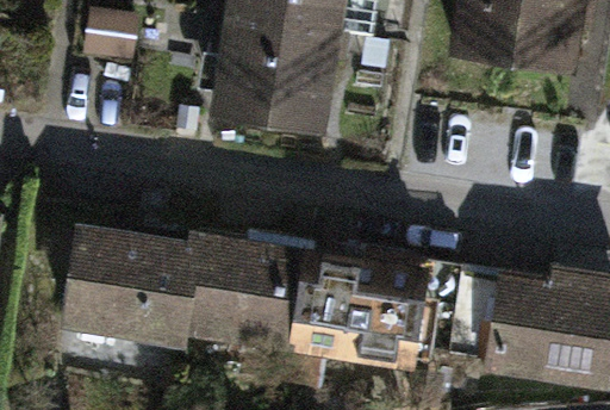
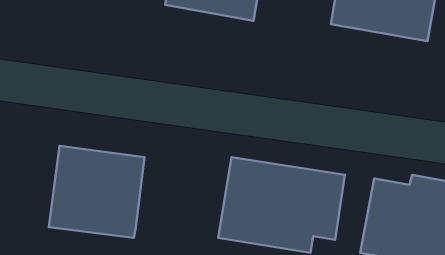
building: [207,35,342,139] -> none
building: [183,230,295,347] -> none

